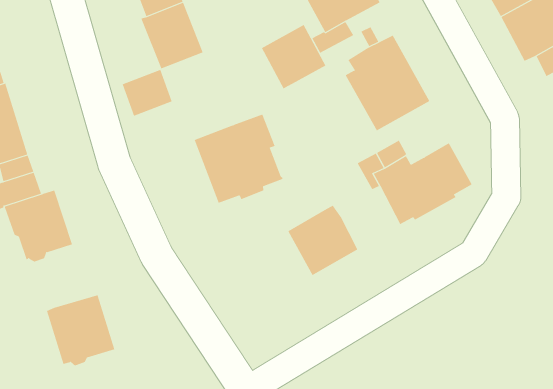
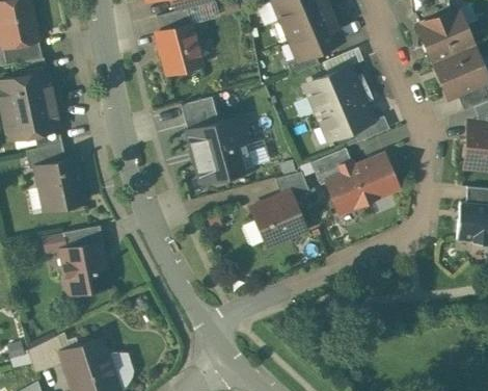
building: [261,24,326,89] -> none
building: [122,69,172,117] -> [181,98,218,132]
building: none -> [274,173,310,203]
building: none -> [62,227,103,250]

